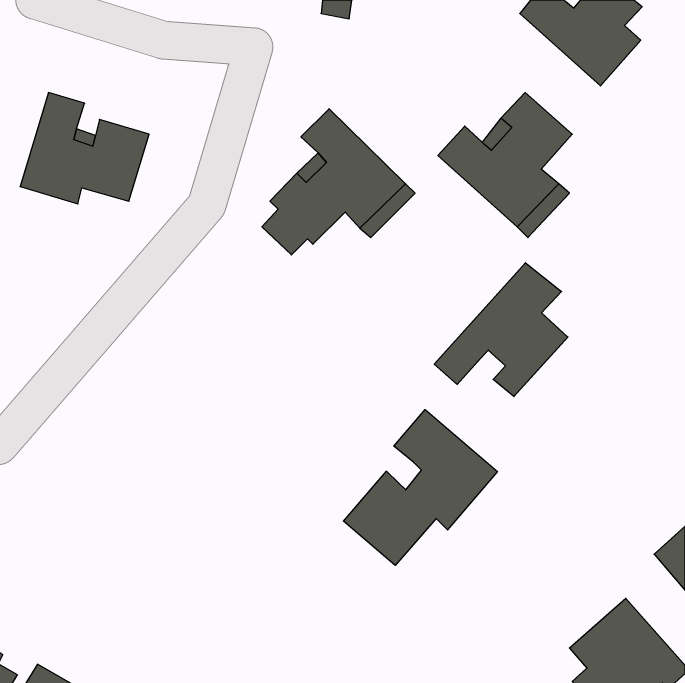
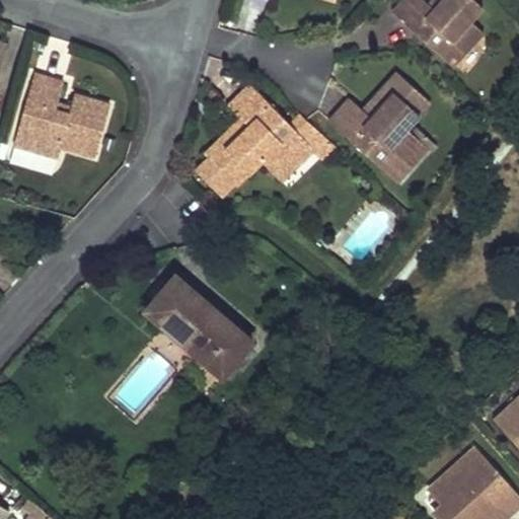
building: [434,263,568,397] -> none
building: none -> [144,276,251,377]
building: [343,410,497,565] -> none

